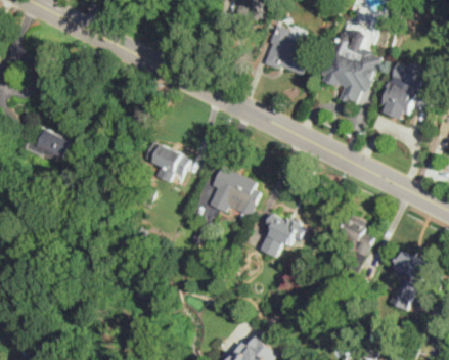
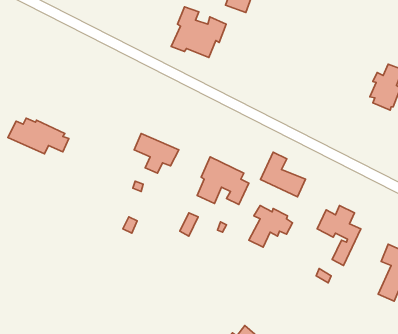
building: [262,25,317,76] -> [171,7,226,58]
building: [319,28,379,106] -> none
building: none -> [261,152,305,197]

